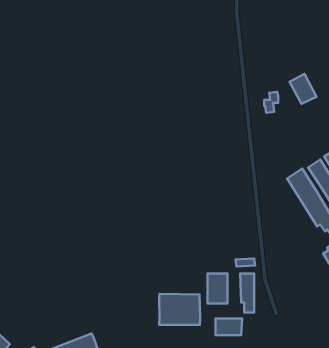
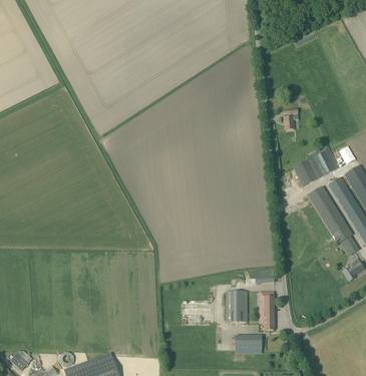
building: [289,74,316,104] -> [312,144,339,174]
building: none -> [293,159,318,185]
building: [159,294,200,325] -> none

